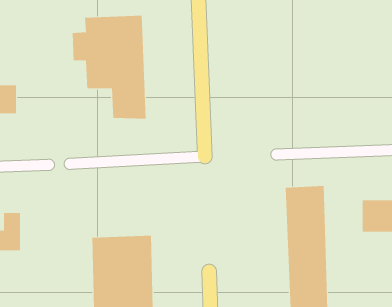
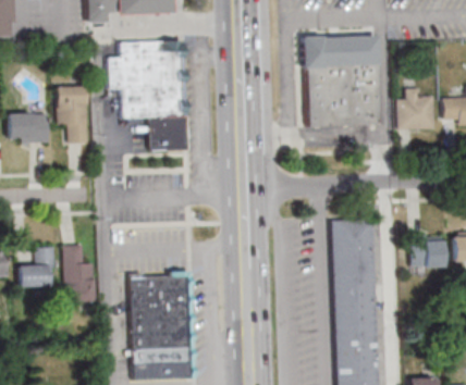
building: none -> [305,32,381,126]
building: none -> [58,87,88,144]
building: none -> [398,89,434,131]
building: none -> [64,245,96,303]

